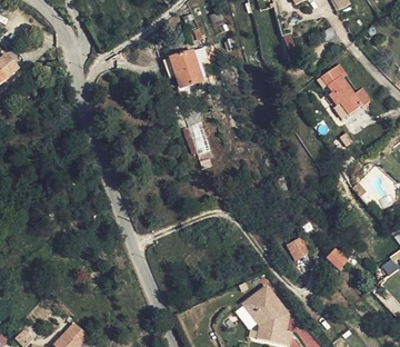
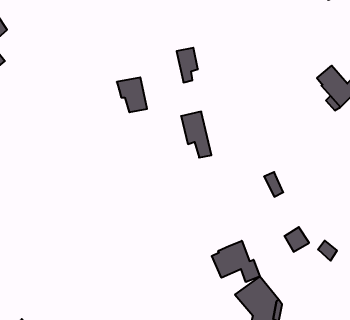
building: [163,58,193,92] -> [117,77,147,112]
building: none -> [212,241,260,282]

